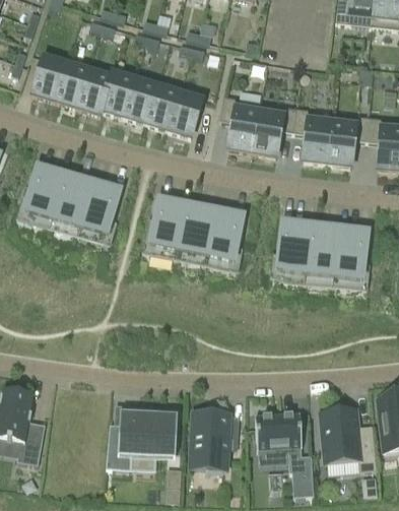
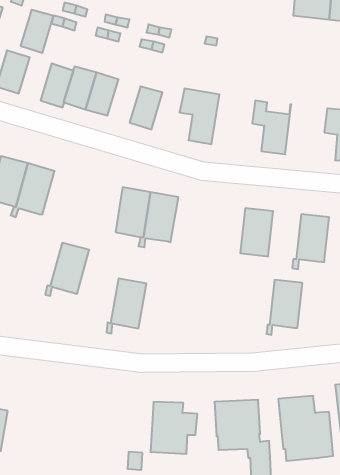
building: [56,64,89,108] -> [21,10,54,53]
building: [146,86,180,130] -> none
building: [252,102,296,155] -> none
building: [327,112,370,166] -> none
building: [75,180,120,234] -> [45,243,89,296]
building: [206,206,247,262] -> [107,278,146,333]
building: [307,220,343,276] -> [266,280,302,335]
building: [106,411,177,468] -> none

